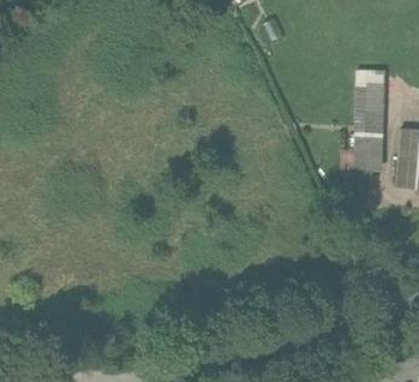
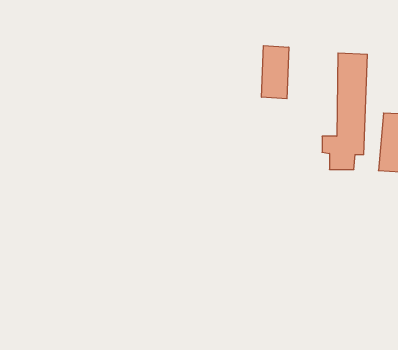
building: none -> [262,46,289,99]

